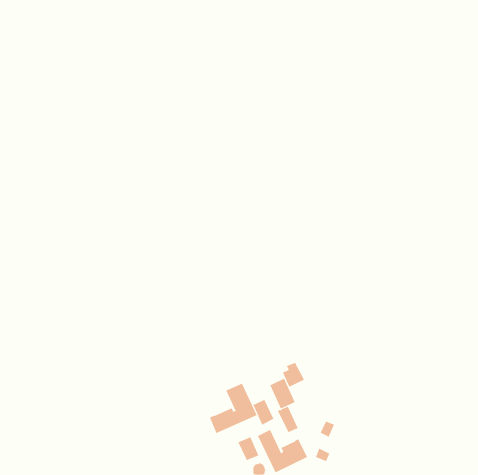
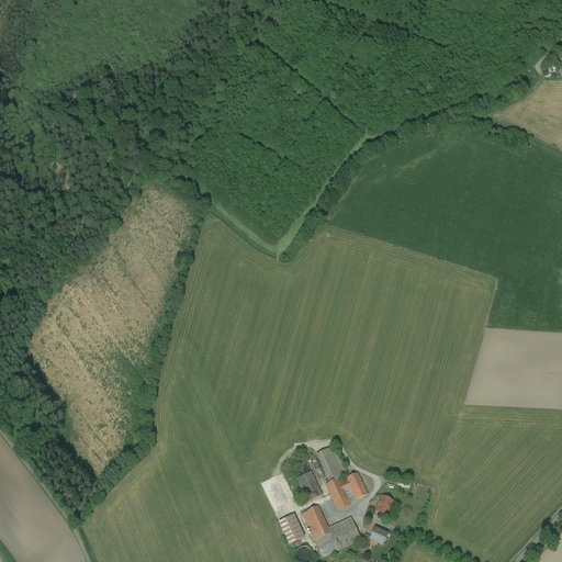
building: [282,362,305,387] -> [341,471,368,501]
building: [209,383,257,434] -> none

